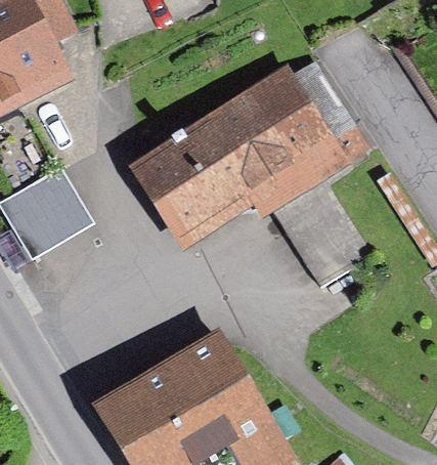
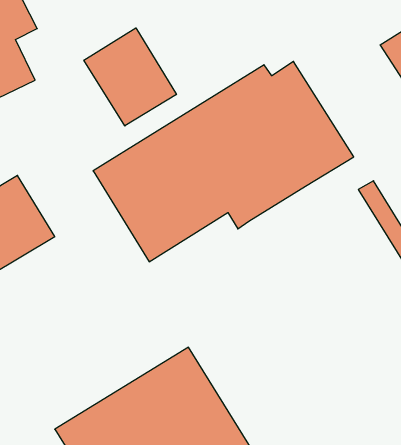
building: none -> [84,28,176,126]
building: [274,177,376,285] -> none

